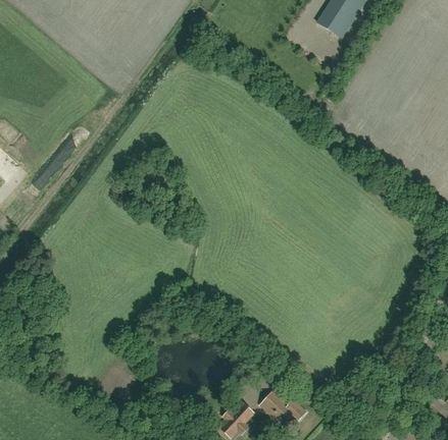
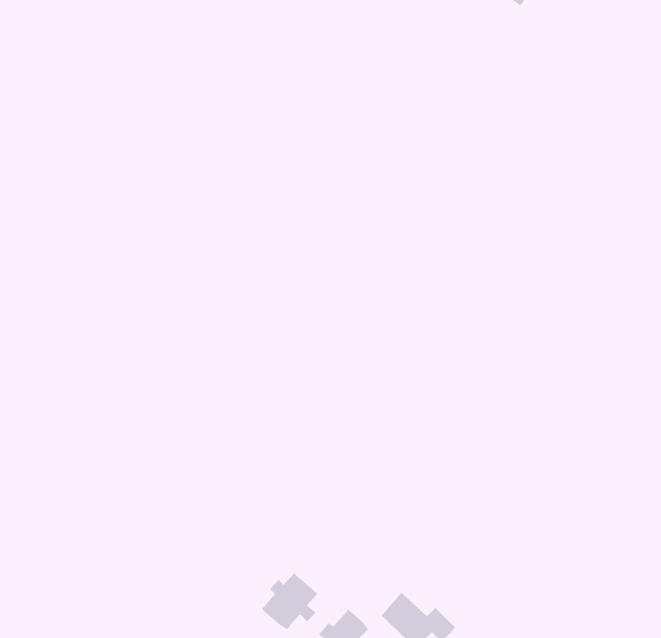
building: none -> [261,573,318,630]

